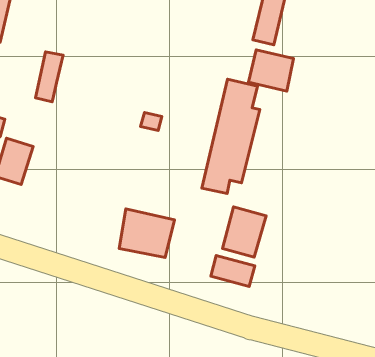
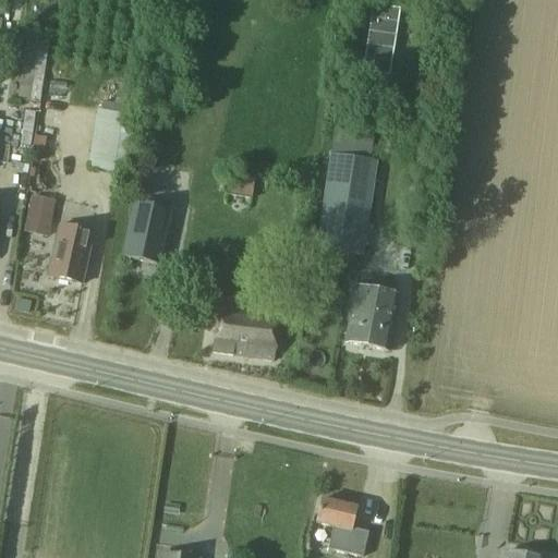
building: [249,50,294,91] -> none
building: none -> [121,198,168,263]
building: [211,255,255,287] -> none

